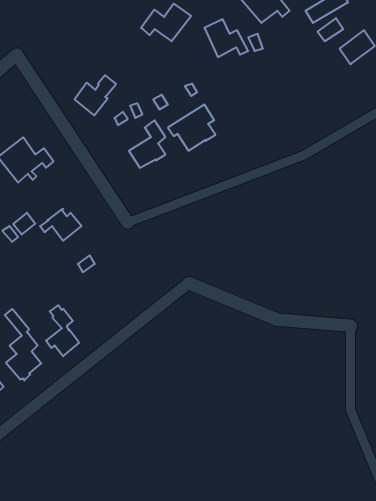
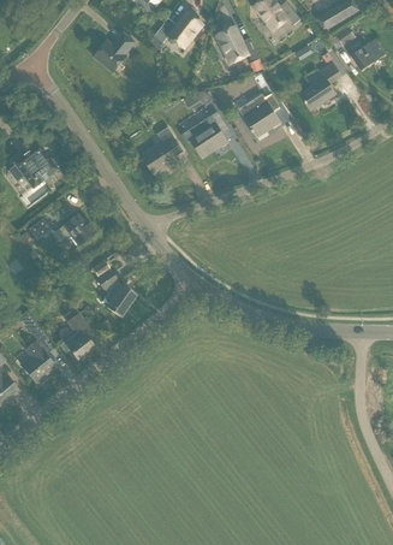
building: none -> [300,63,343,109]
building: [75,75,116,115] -> [95,32,136,72]
building: none -> [240,93,280,136]
building: none -> [97,271,136,316]

